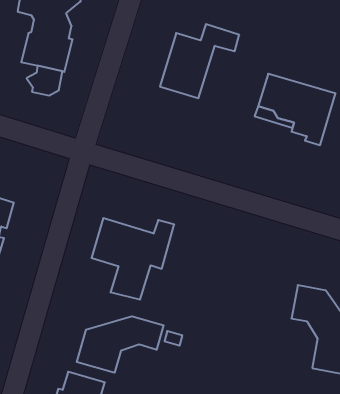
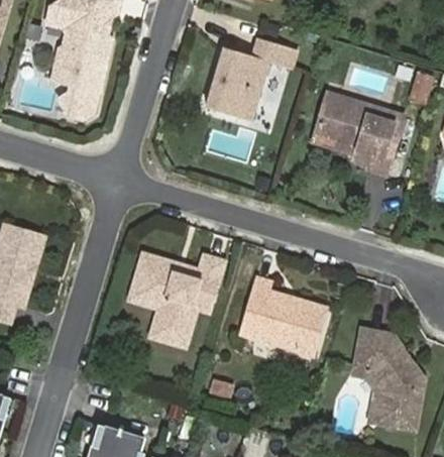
building: none -> [238,276,327,356]
building: [77,316,164,373] -> none

